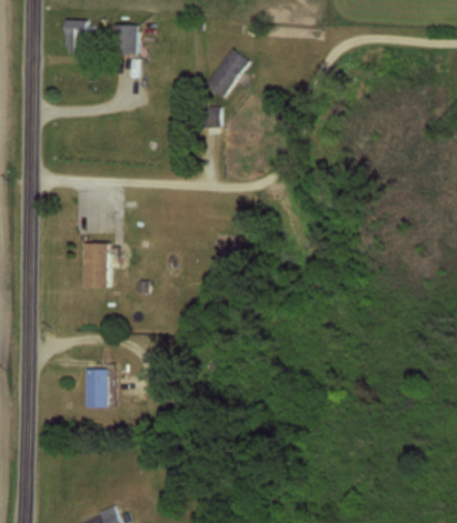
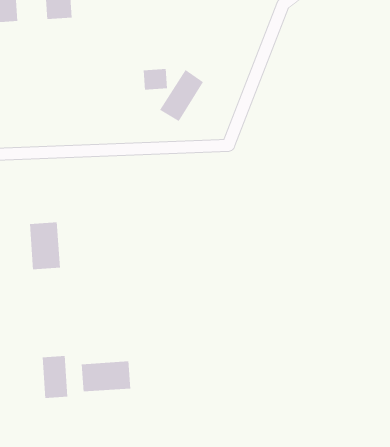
building: [205,49,248,98] -> [159,69,204,122]
building: none -> [81,361,131,392]

